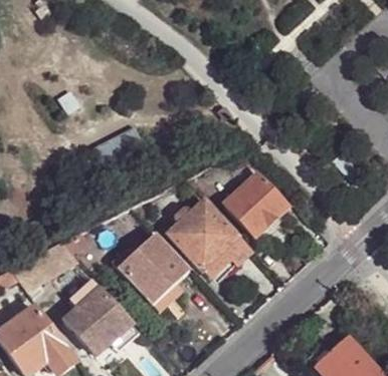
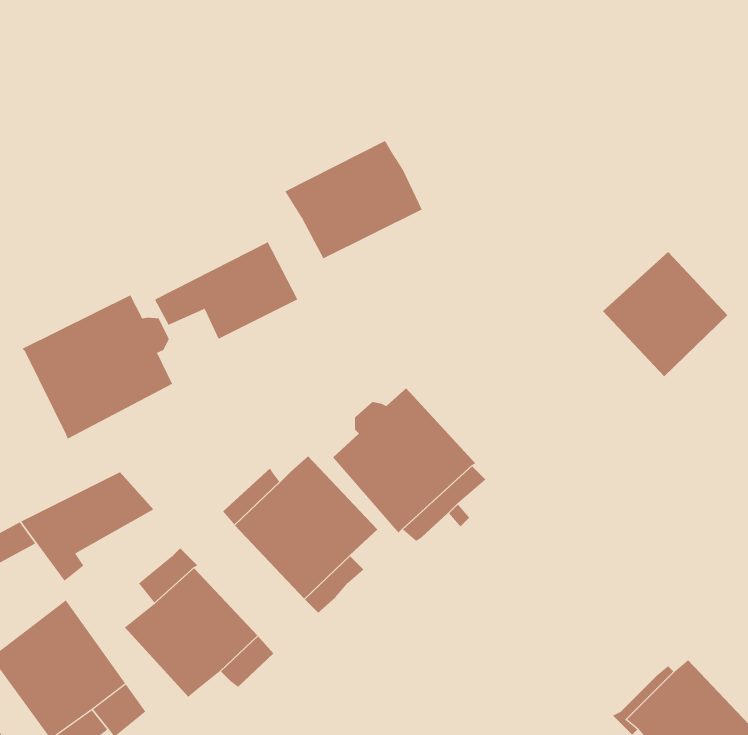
building: none -> [285,140,423,259]
building: none -> [21,294,173,440]
building: [224,173,287,237] -> [602,251,728,377]

